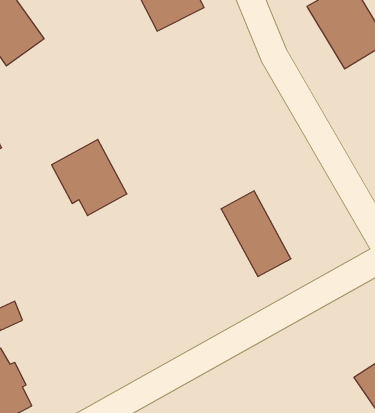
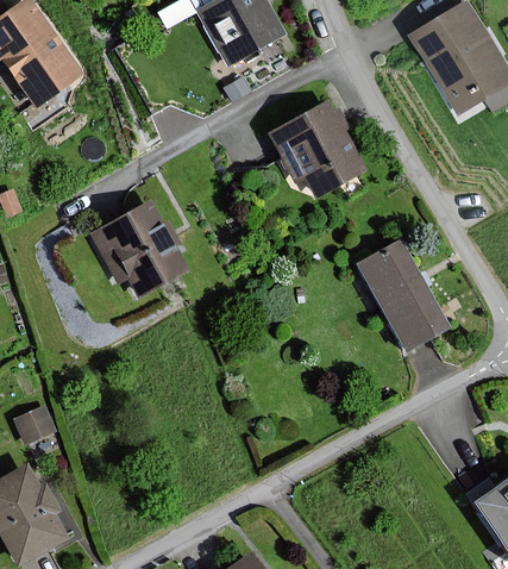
building: none -> [269,101,364,195]
building: [221,191,291,277] -> [359,242,447,350]

